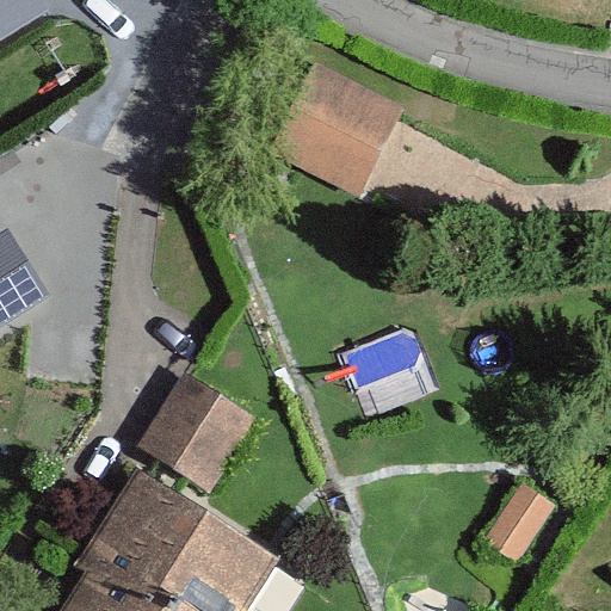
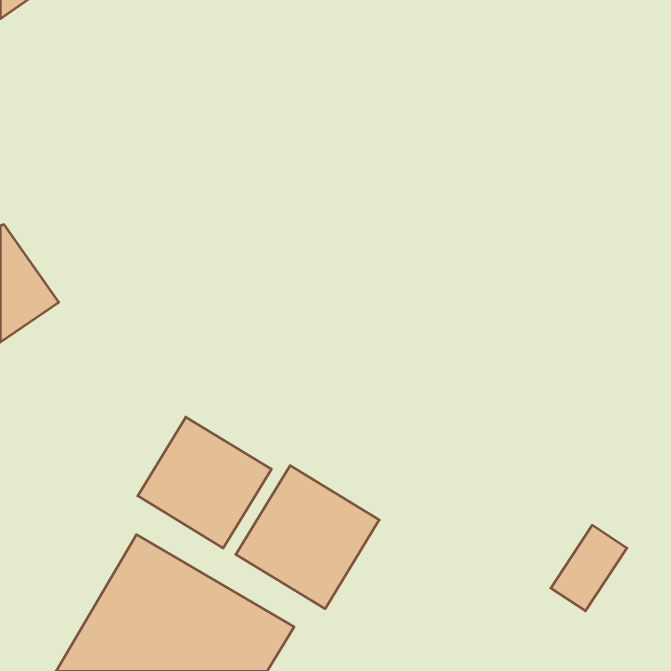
building: [270,67,400,195] -> none
building: none -> [236,466,379,609]

